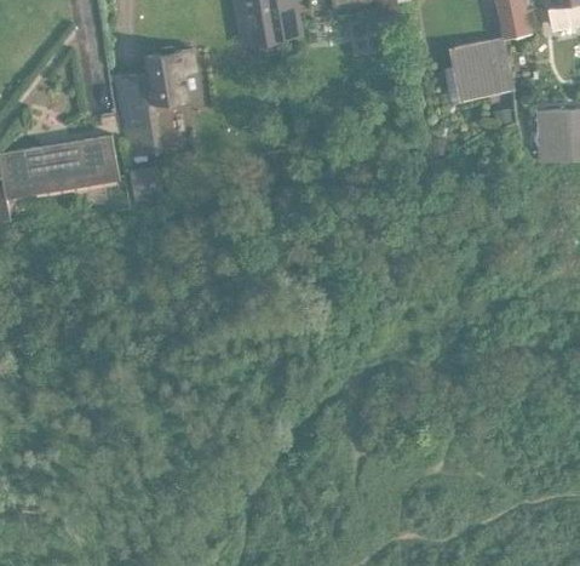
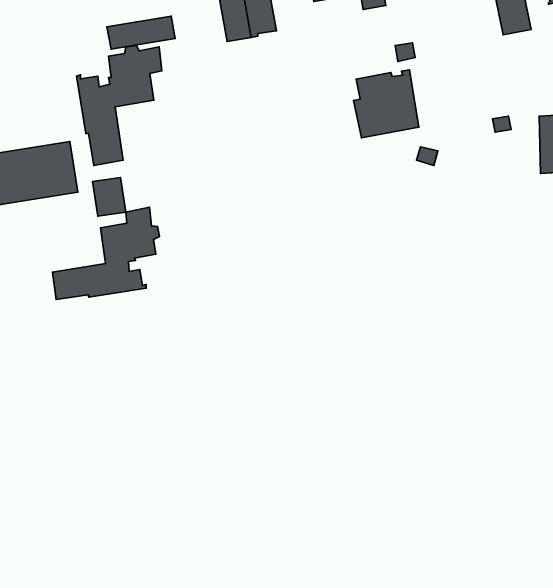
building: none -> [107,16,175,49]
building: [452,39,511,101] -> [354,70,419,138]
building: none -> [52,207,159,300]

